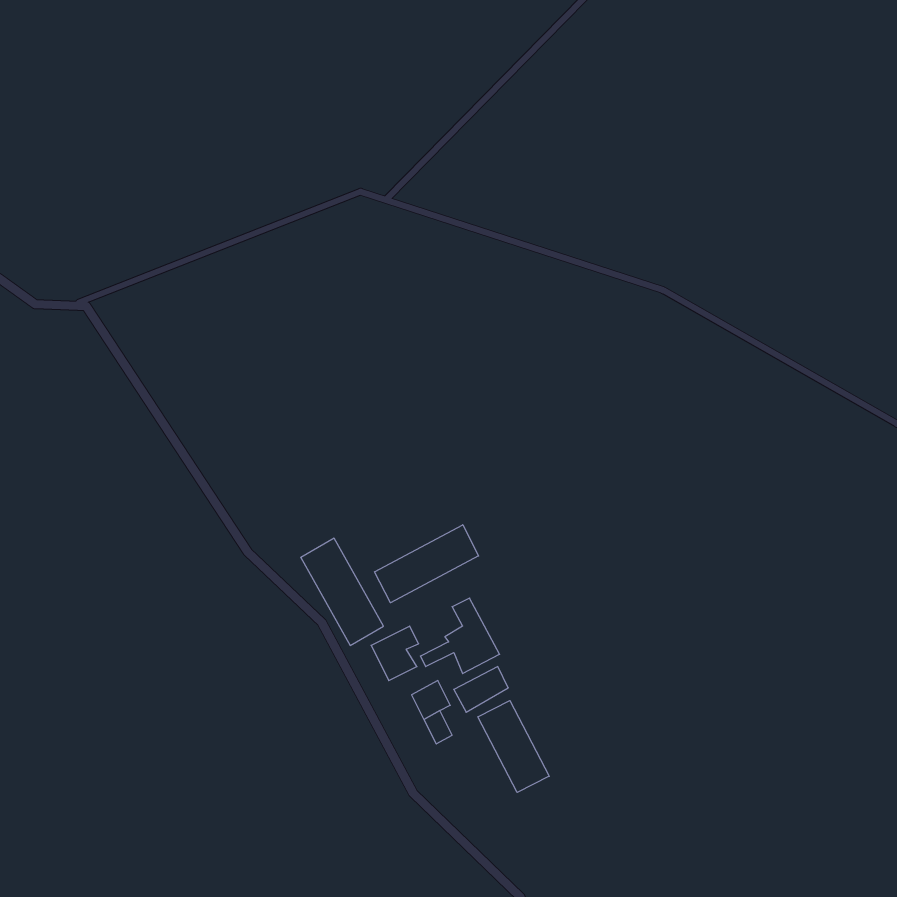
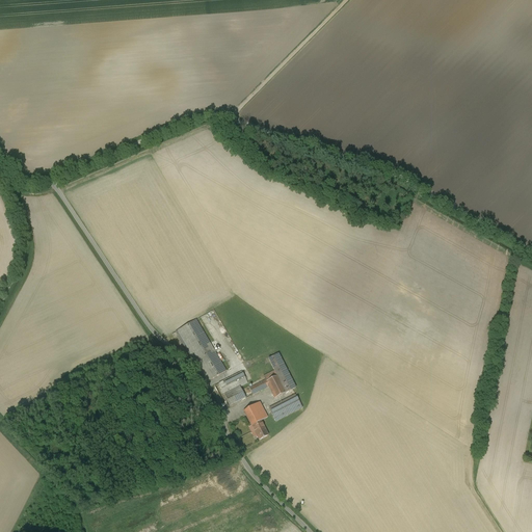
building: [375,525,479,603] -> none
building: [478,701,549,792] -> none

